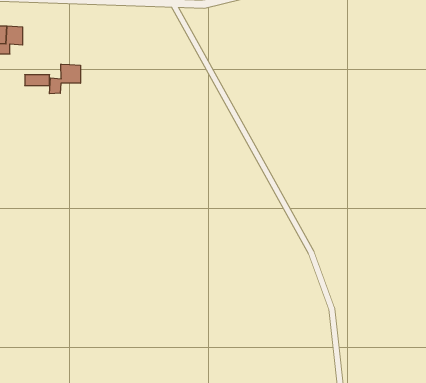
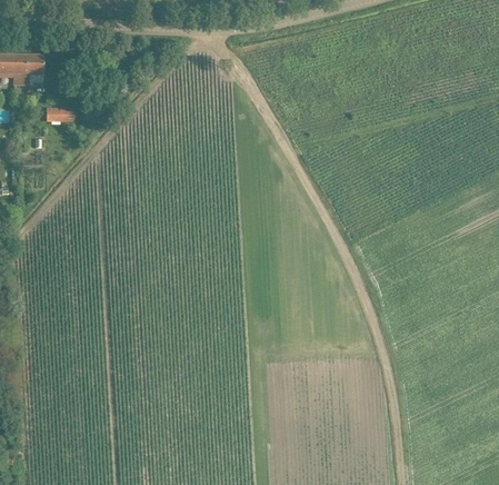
building: [49,64,80,94] -> none

